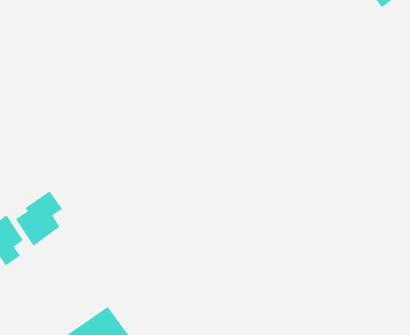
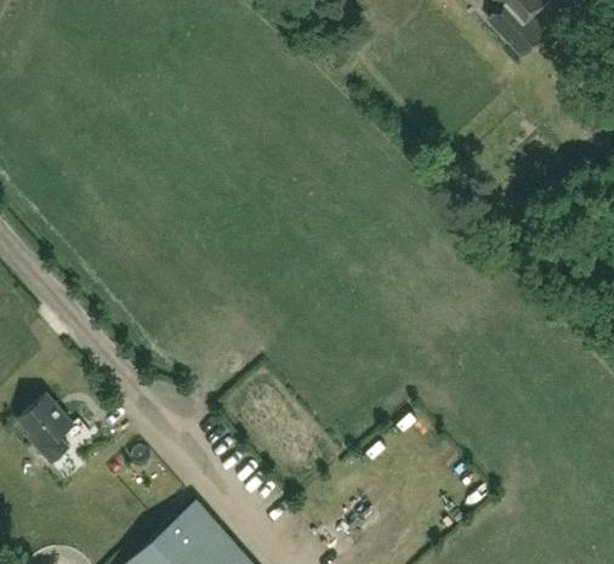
building: [15,190,63,246] -> none

